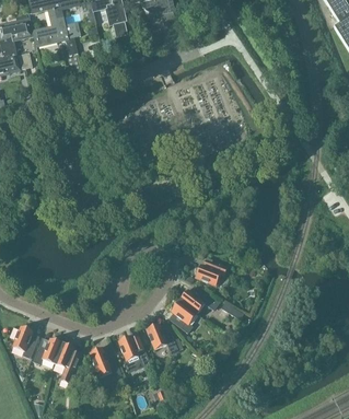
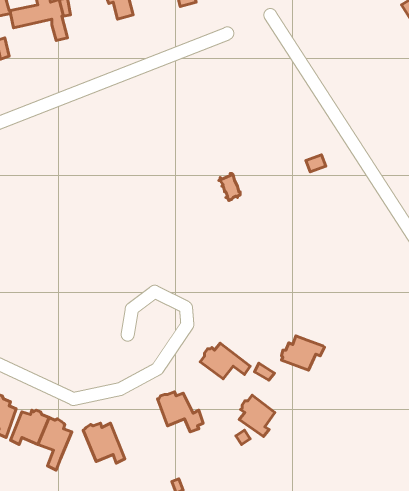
building: [195,258,228,284] -> [282,336,324,370]
building: [170,300,197,331] -> [239,395,275,437]
building: [118,335,150,372] -> none

